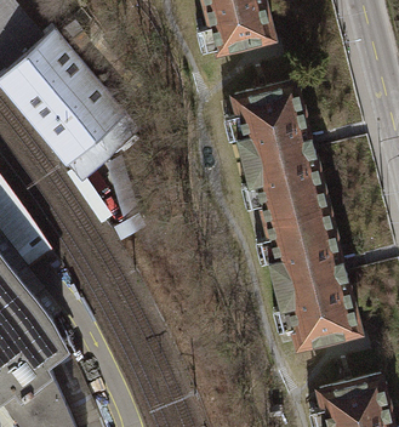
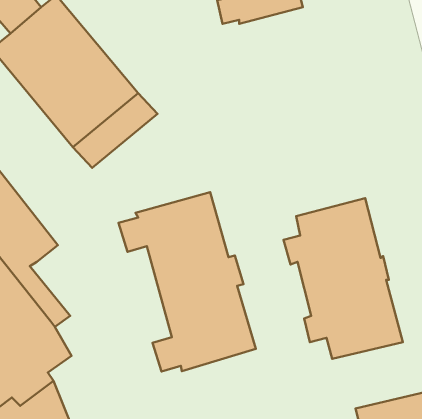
building: [220,85,323,224] -> none
building: none -> [119,192,256,372]

